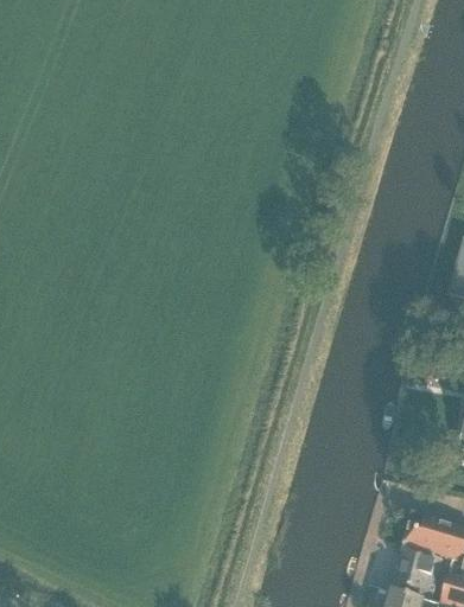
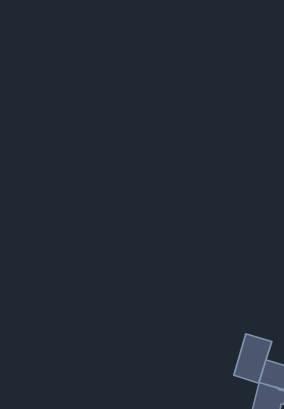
building: none -> [234,334,272,383]

